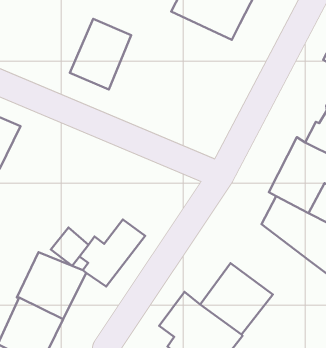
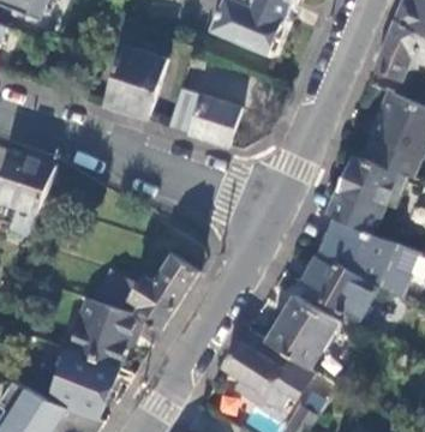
building: none -> [167,88,240,145]
building: none -> [297,248,376,320]

